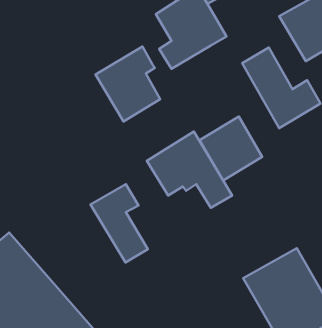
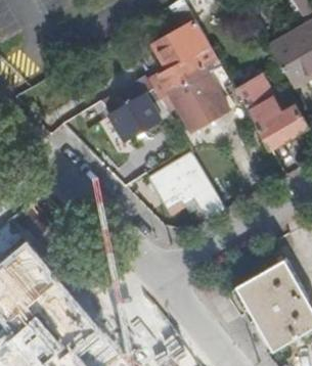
building: [200,117,262,180] -> [170,73,227,131]
building: [91,184,148,262] -> none

